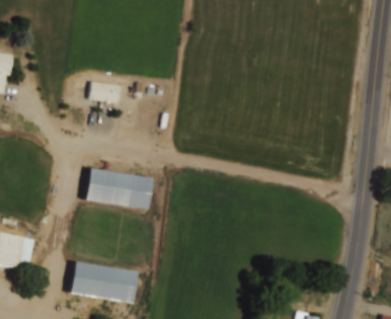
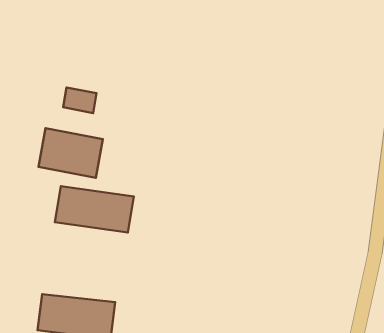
building: none -> [39,128,103,178]

